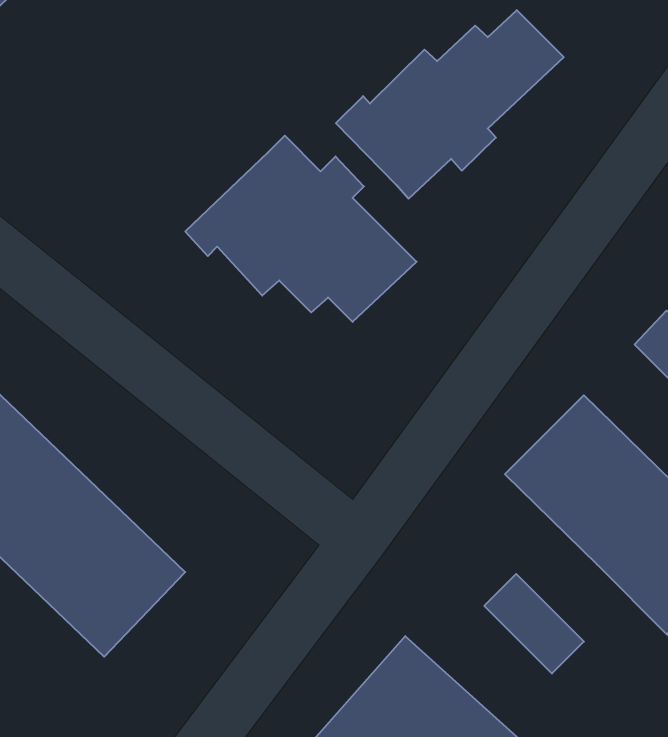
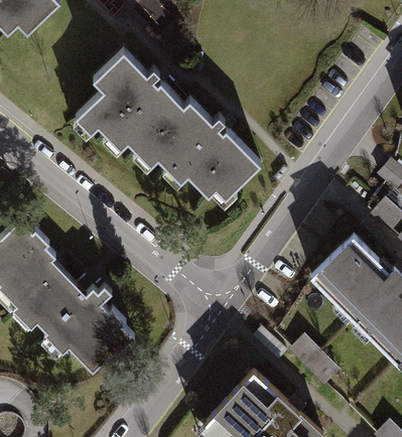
building: [336,10,564,199] -> none
building: none -> [69,45,181,150]

